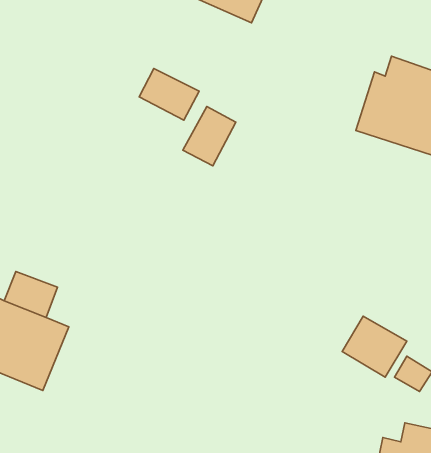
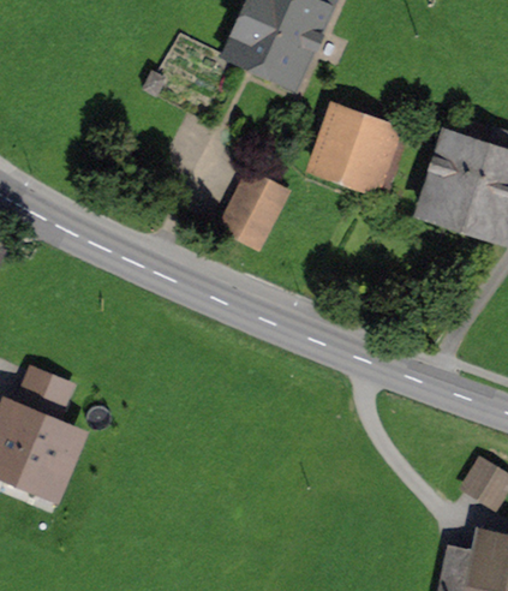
building: none -> [310,112,396,191]
building: [139,68,199,120] -> none
building: [342,316,407,377] -> none

